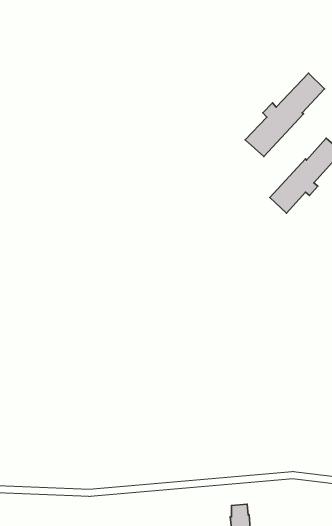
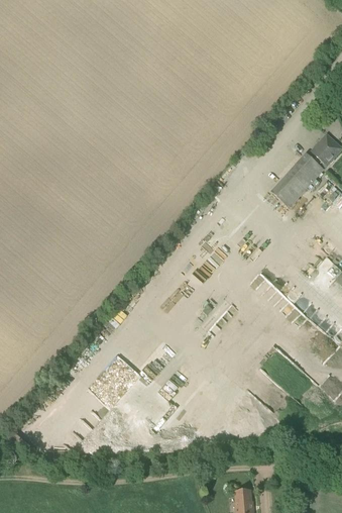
building: [245,73,325,157] -> none

